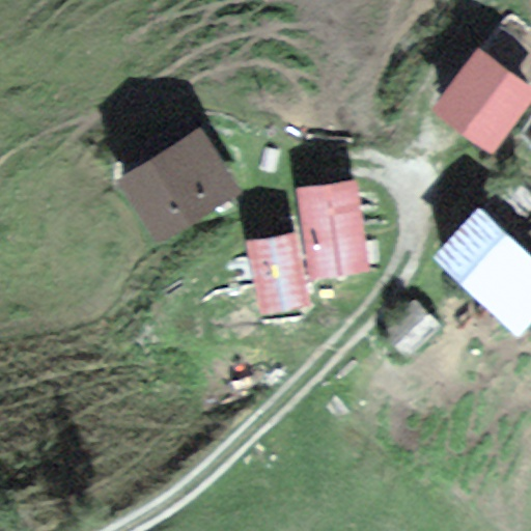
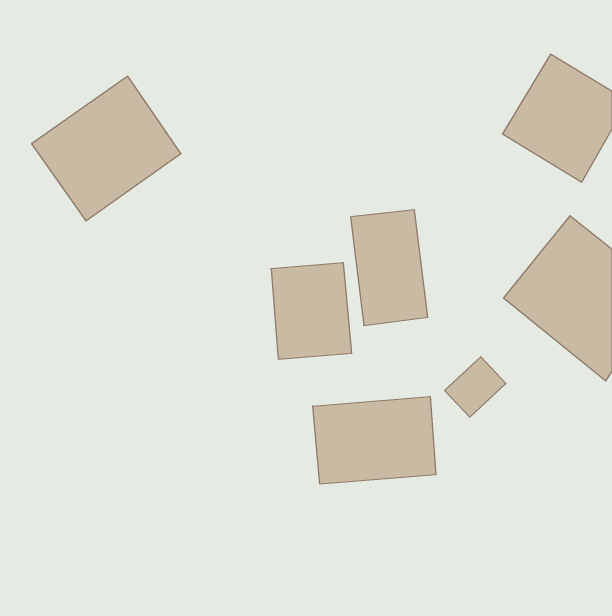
building: [116,130,245,254] -> [32,76,181,221]
building: none -> [313,396,436,484]

